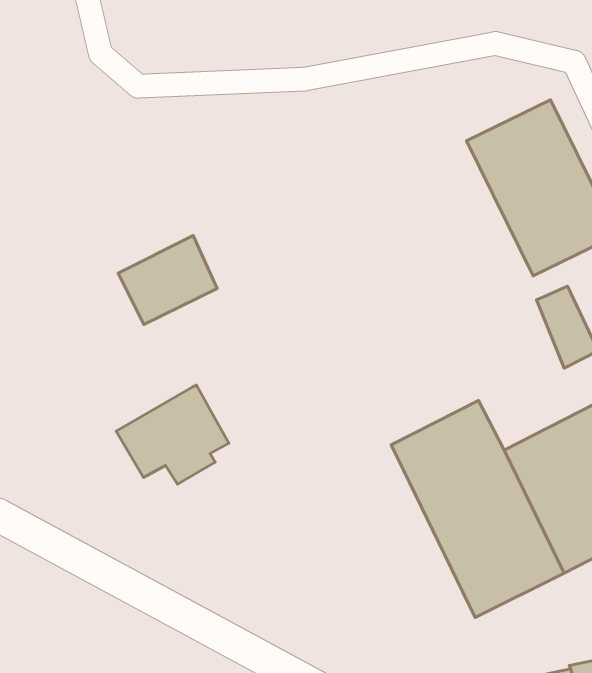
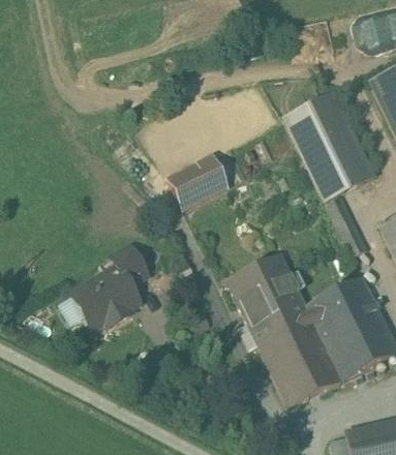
building: [118,236,217,324] -> [167,153,227,207]
building: none -> [113,244,148,282]
building: none -> [227,249,291,300]

